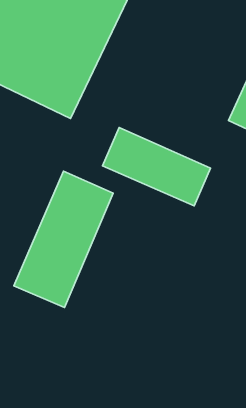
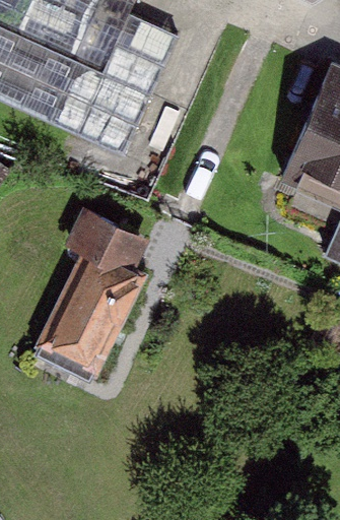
building: [102,128,211,206] -> none

